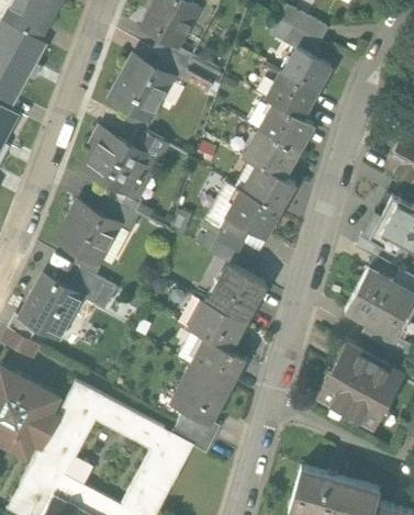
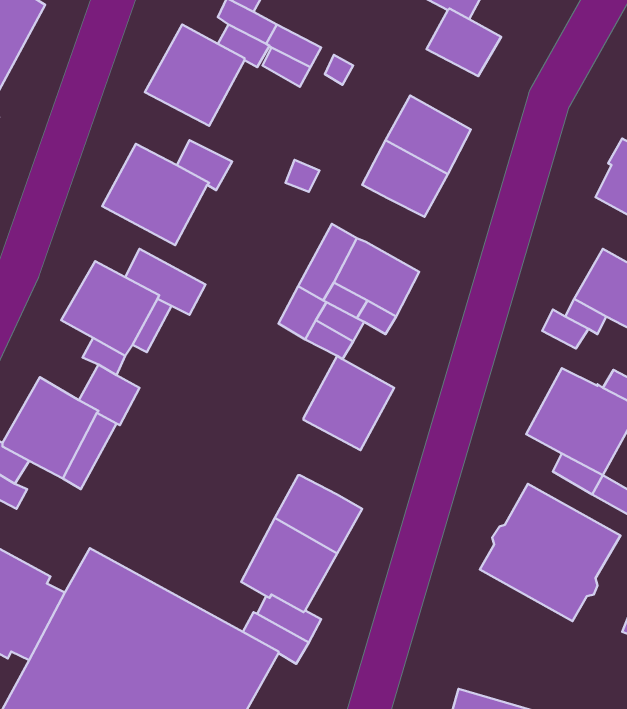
building: [267,70,316,116] -> none
building: [247,165,295,210] -> none
building: [191,299,244,347] -> none

